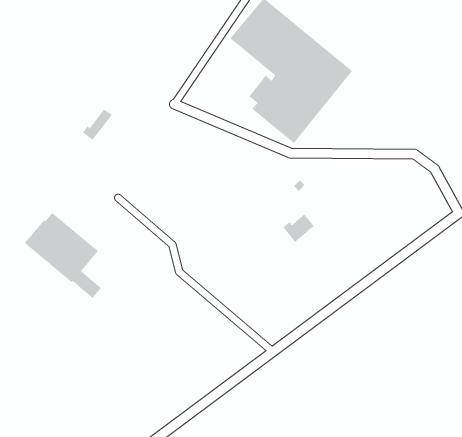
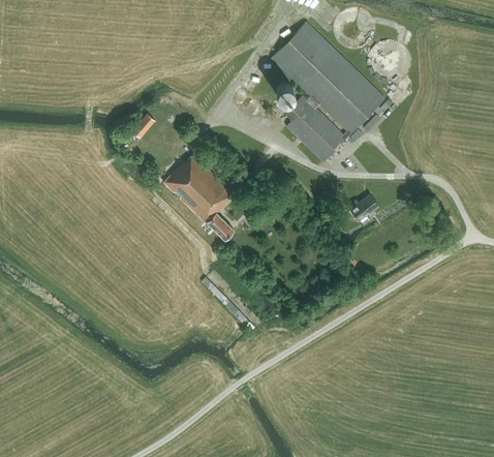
building: [24,212,102,299] -> [163,155,234,240]
building: [283,214,314,243] -> [348,194,378,221]

